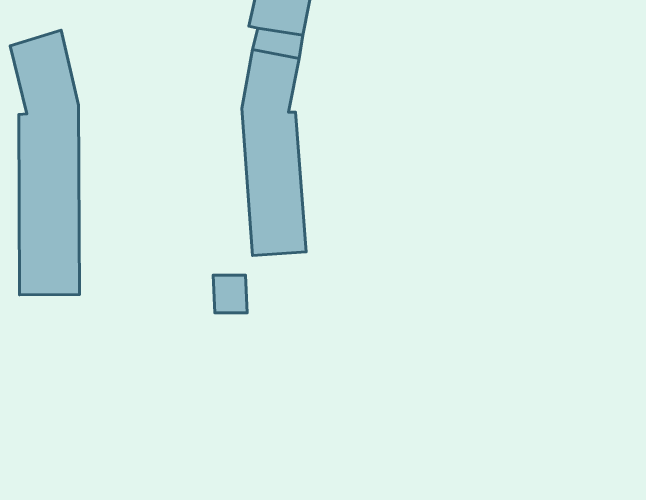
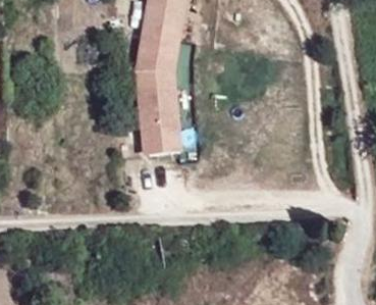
building: [10,30,80,295] -> none

